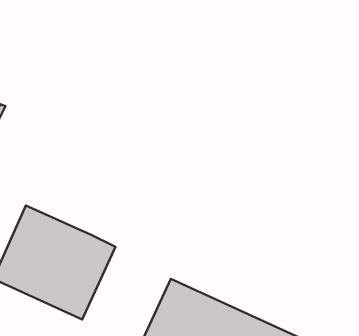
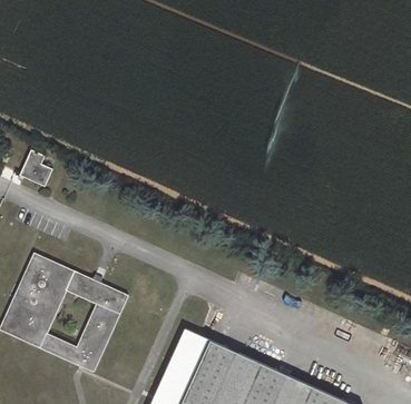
building: none -> [19,150,51,186]

